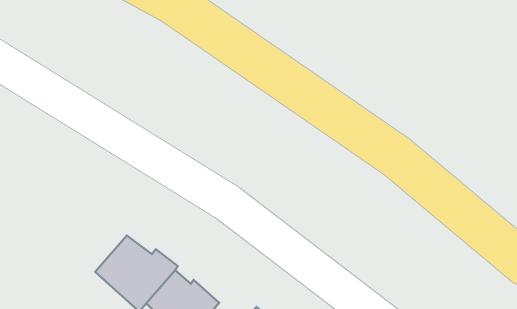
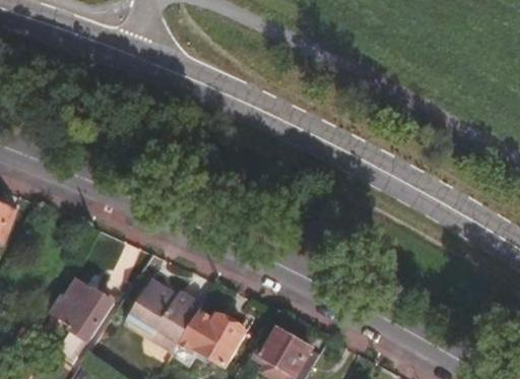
building: none -> [52,279,110,355]

